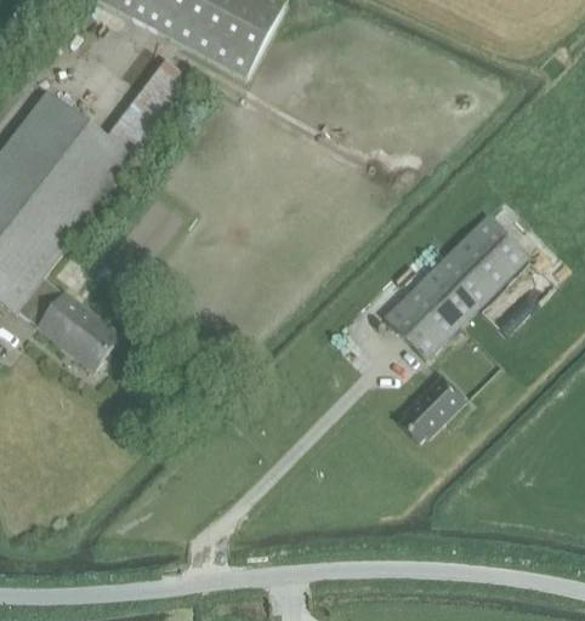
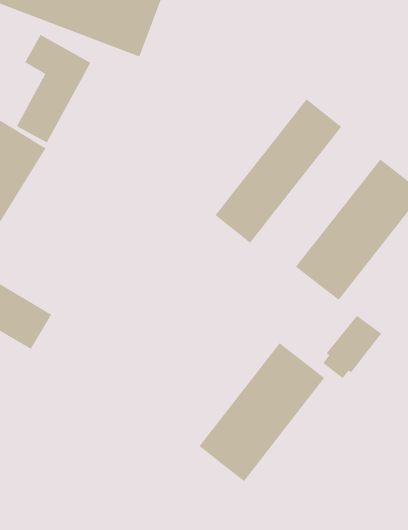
building: none -> [214,98,342,244]
building: none -> [198,342,325,482]

